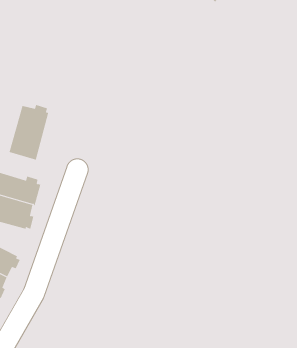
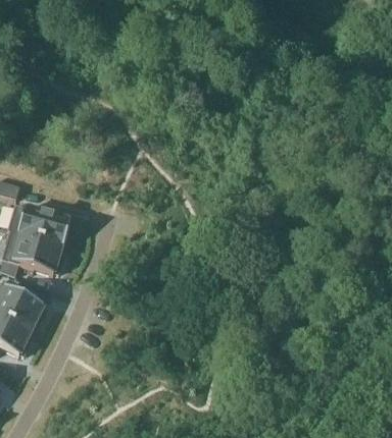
building: [9,104,49,160] -> none

